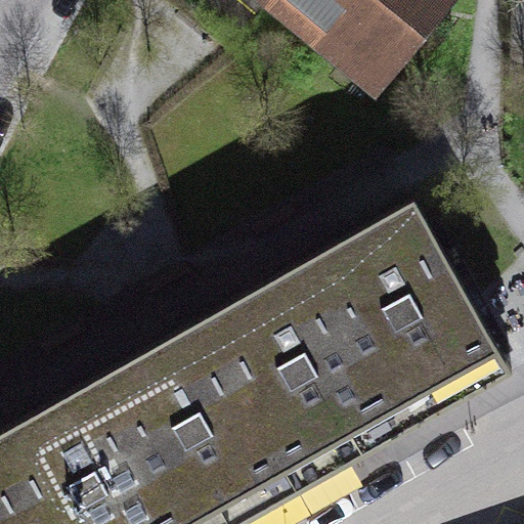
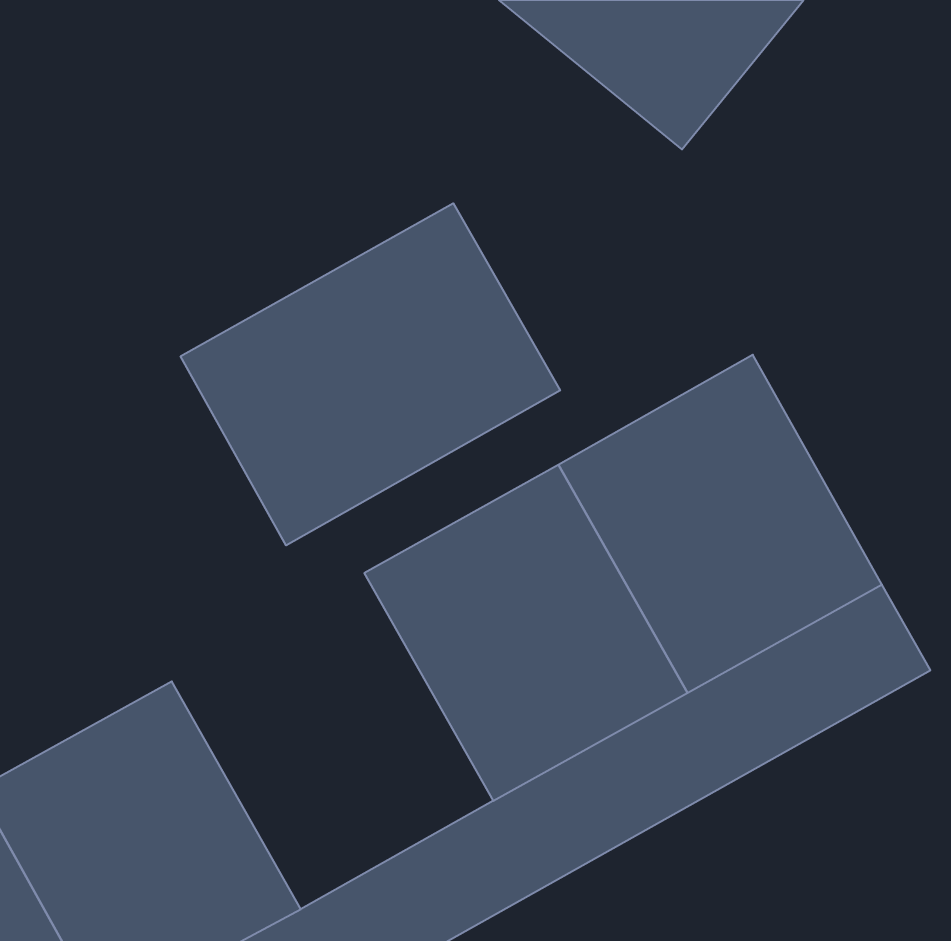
building: none -> [181,203,560,545]
building: [94,321,270,506] -> none

